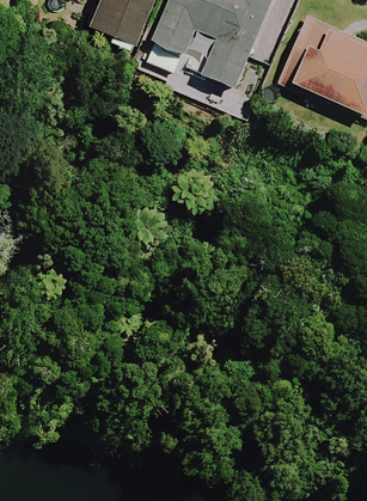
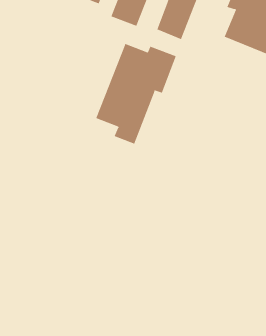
building: none -> [95,43,177,145]

